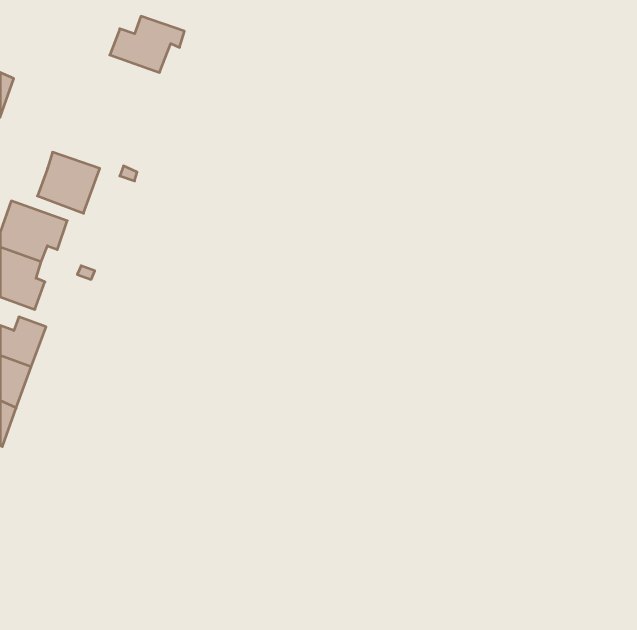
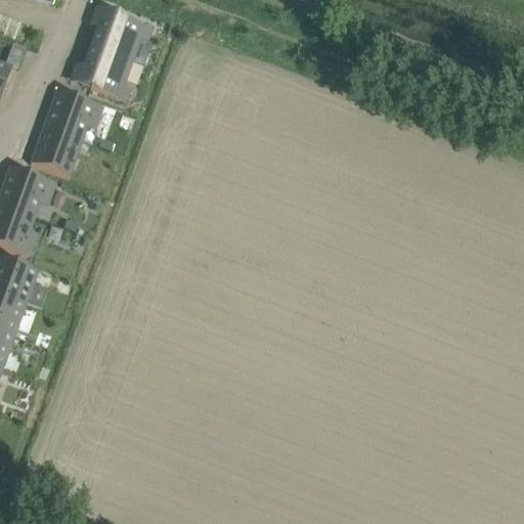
building: none -> [83,45,131,99]
building: none -> [43,88,102,138]

